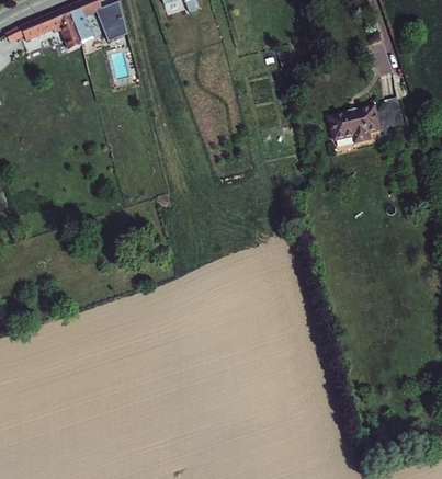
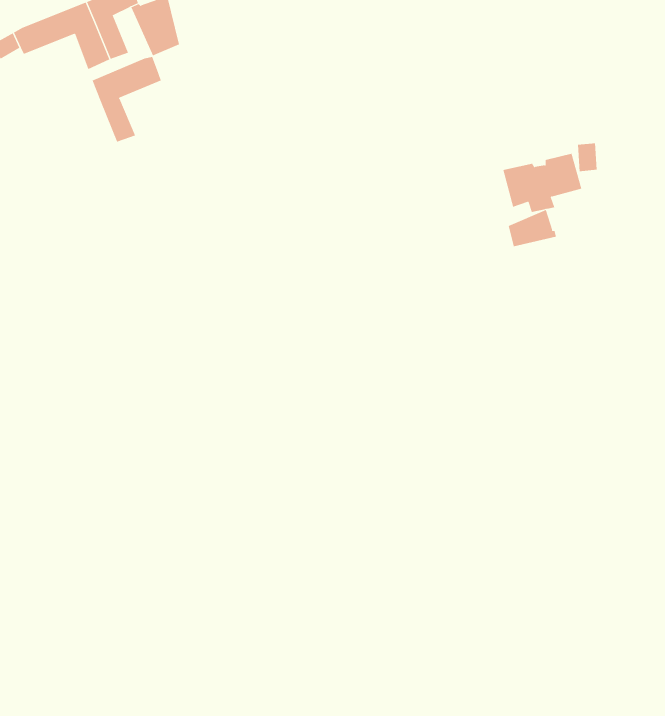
building: none -> [92,56,162,142]
building: none -> [508,209,557,247]

